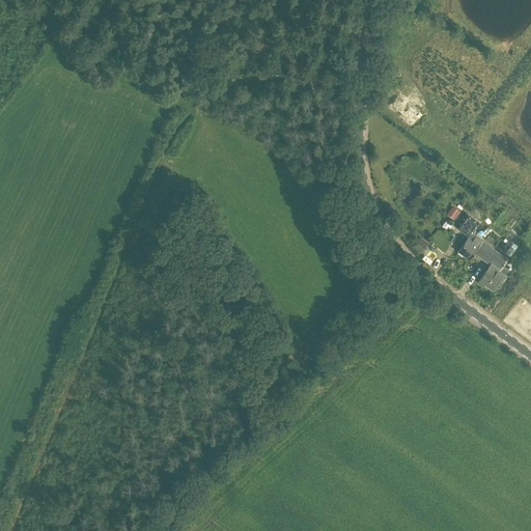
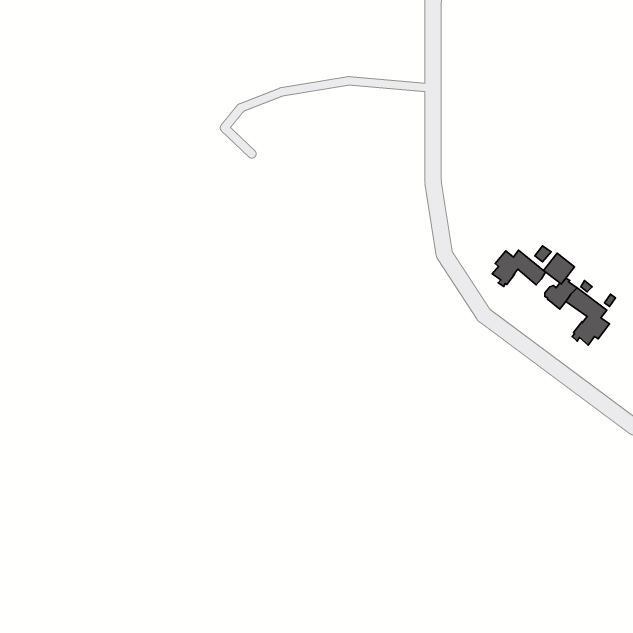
building: none -> [492,250,546,286]

